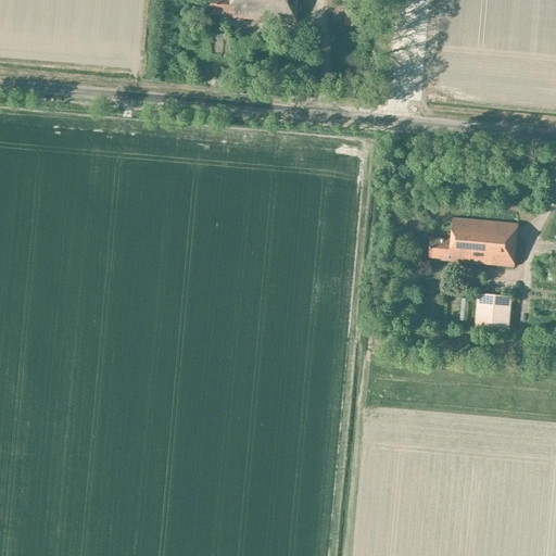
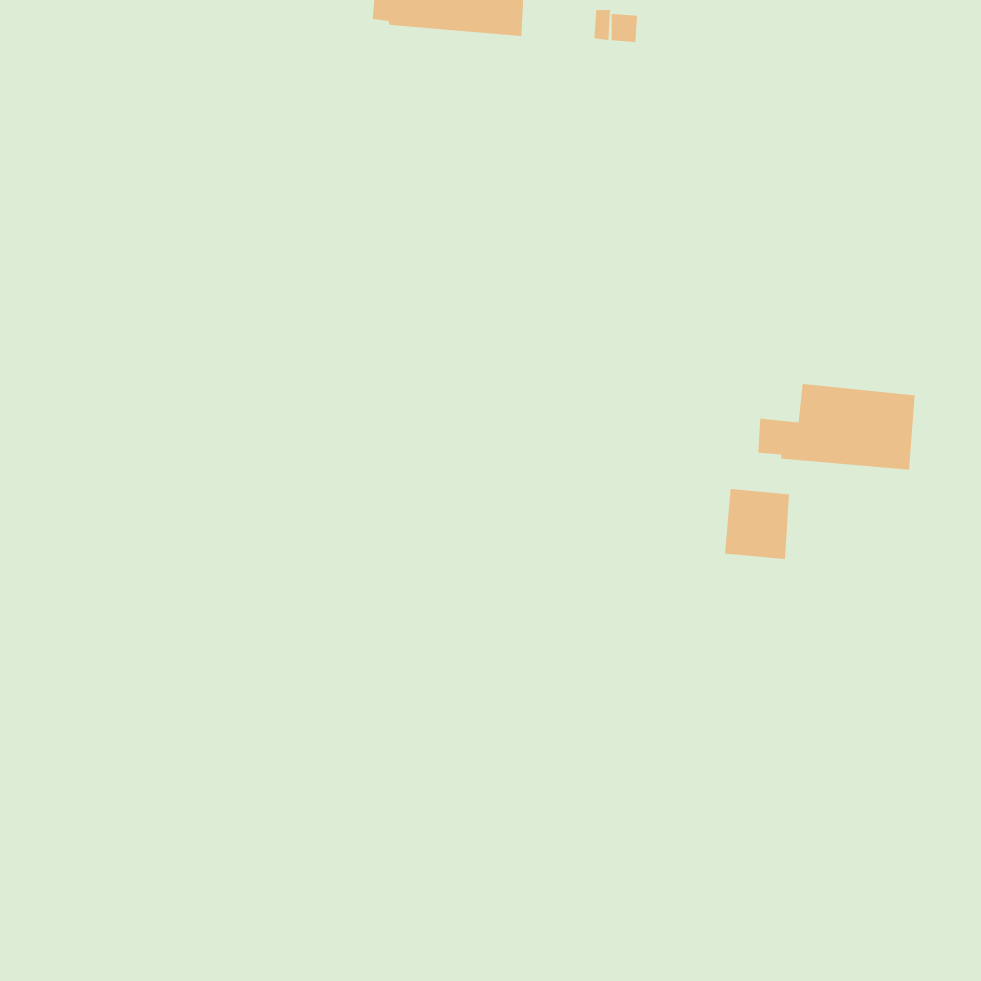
building: [473,291,510,331] -> [724,488,790,560]

